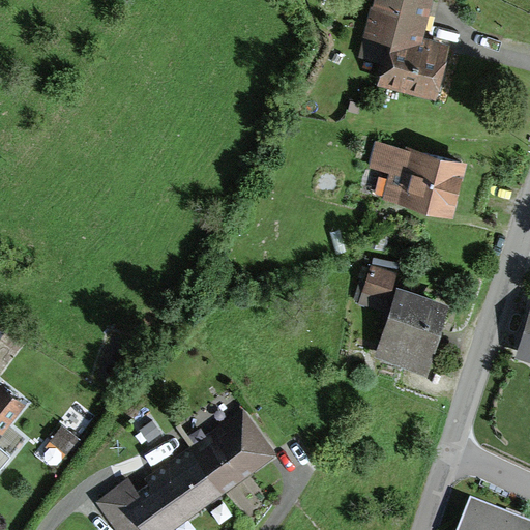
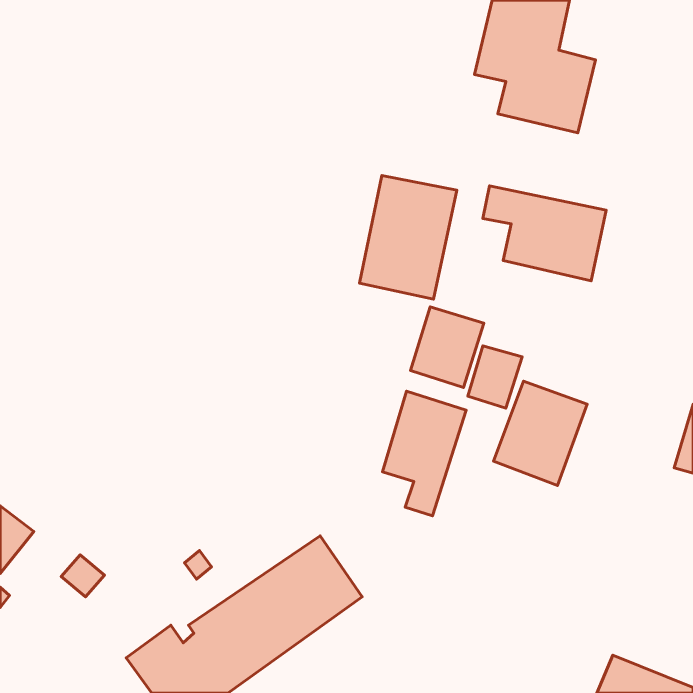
building: none -> [360,176,457,299]
building: none -> [410,307,484,387]
building: none -> [383,391,466,516]

